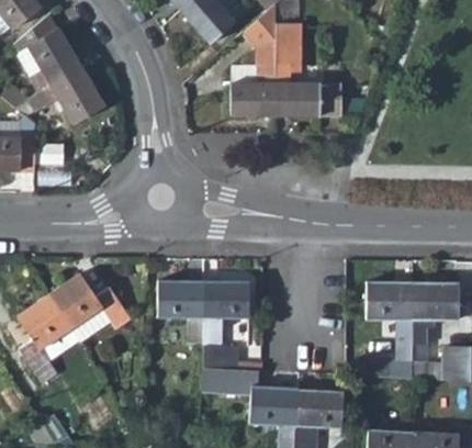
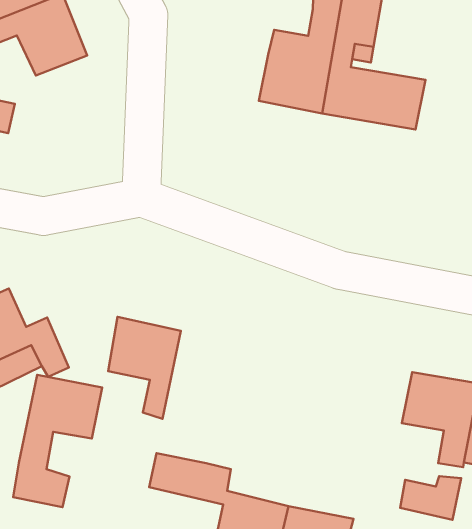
building: [201,281,249,369] -> [13,375,102,507]

